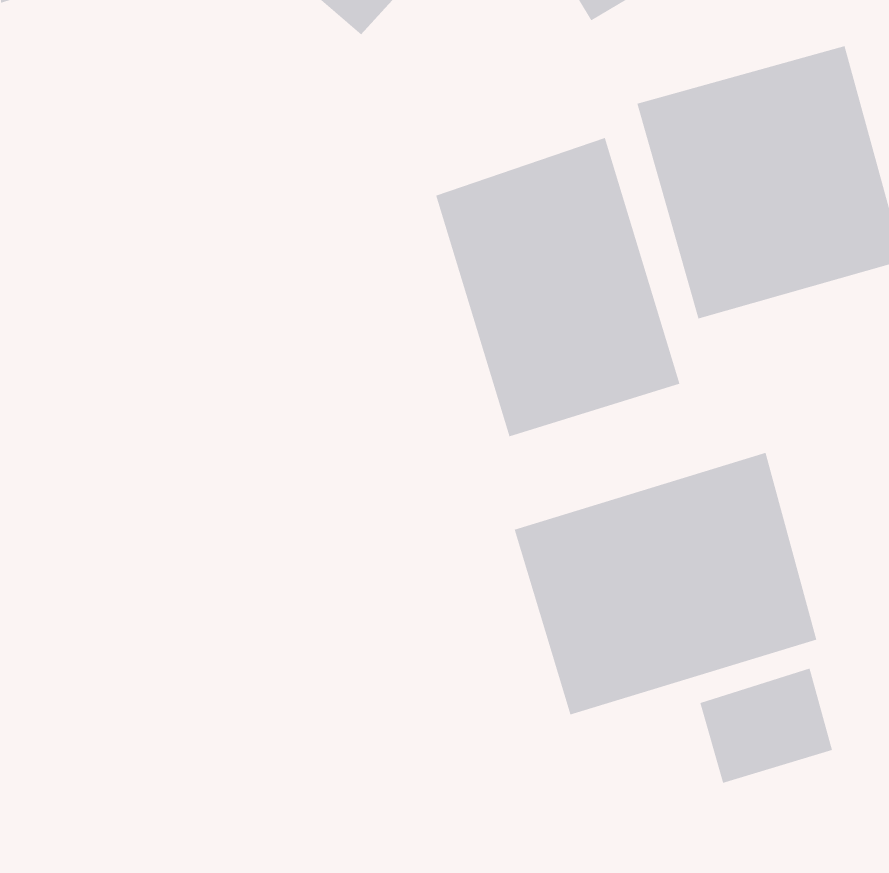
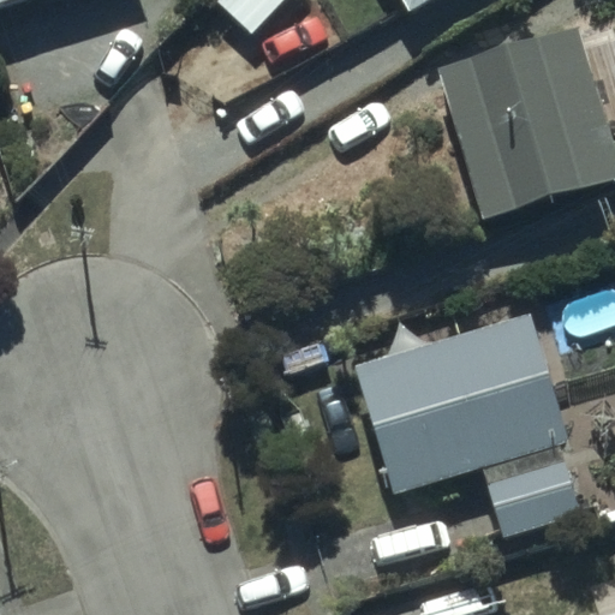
building: [435,137,680,437] -> none

